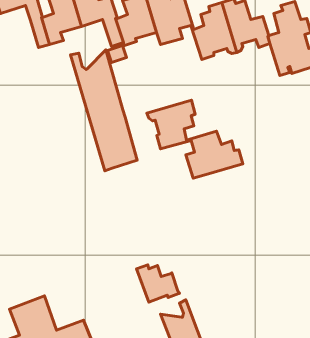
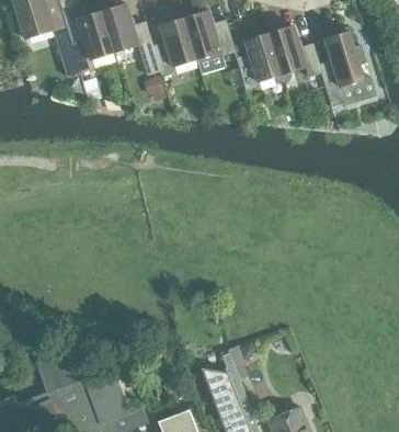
building: [71,50,137,171] -> none
building: [147,100,243,178] -> none
building: [136,265,179,302] -> none

